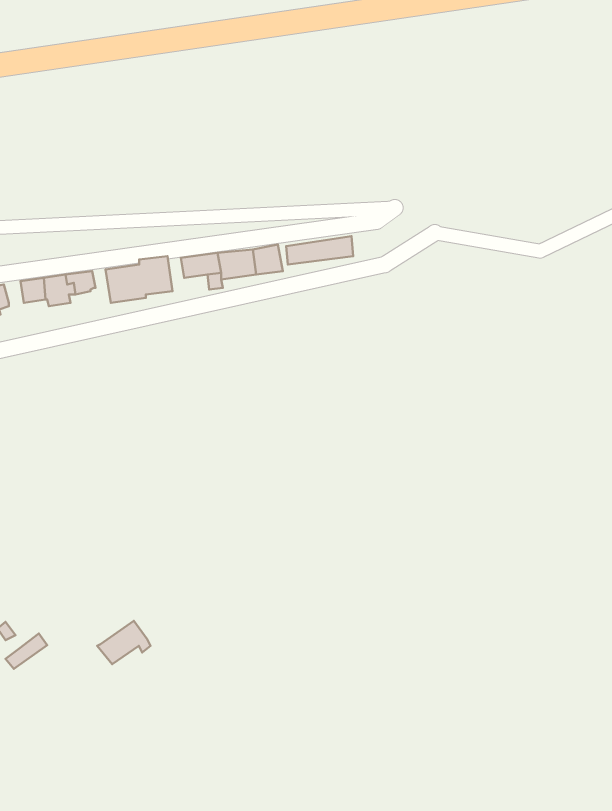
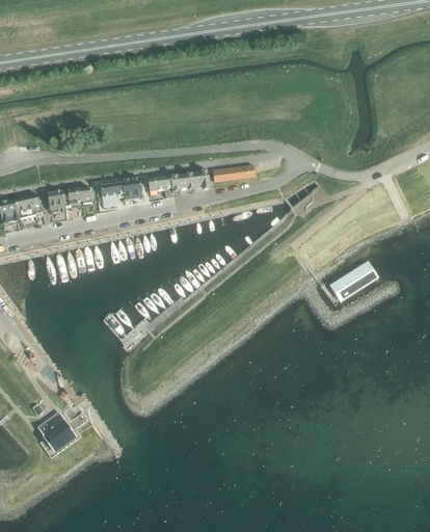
building: none -> [330,262,376,300]
building: [97,621,151,664] -> [41,420,74,447]

